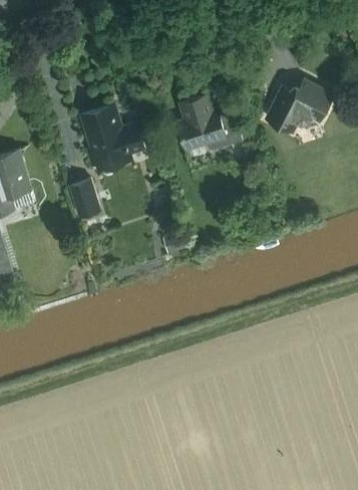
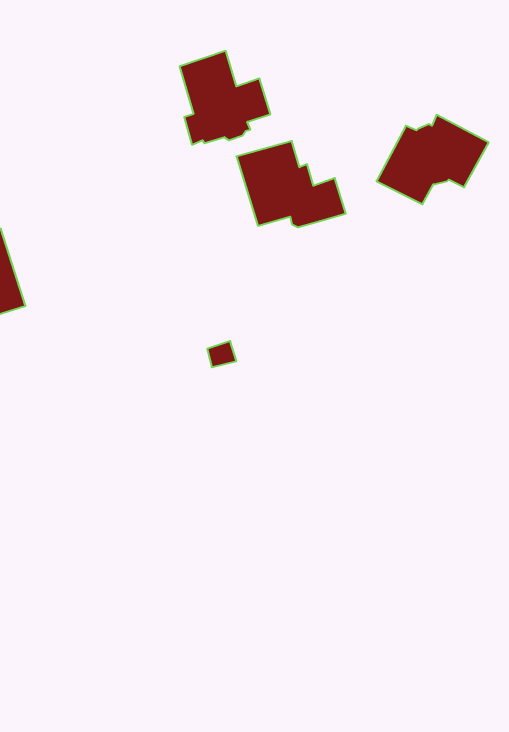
building: [83,107,142,169] -> [180,51,270,145]
building: [67,180,100,218] -> none

